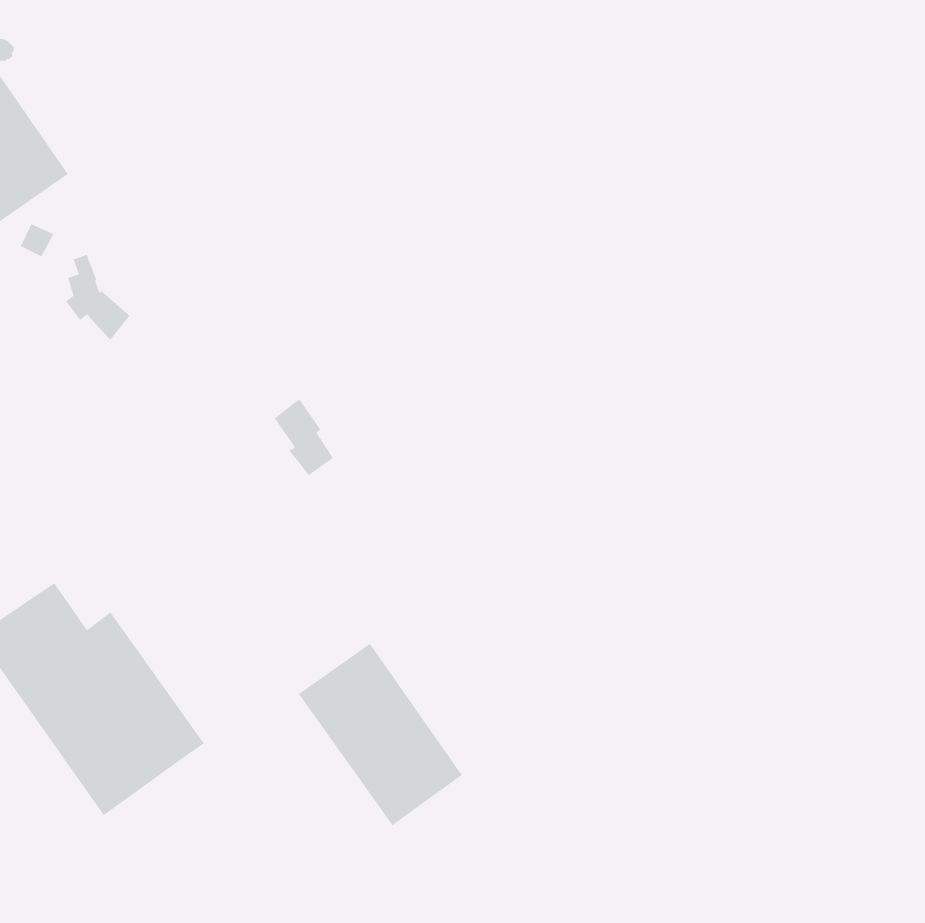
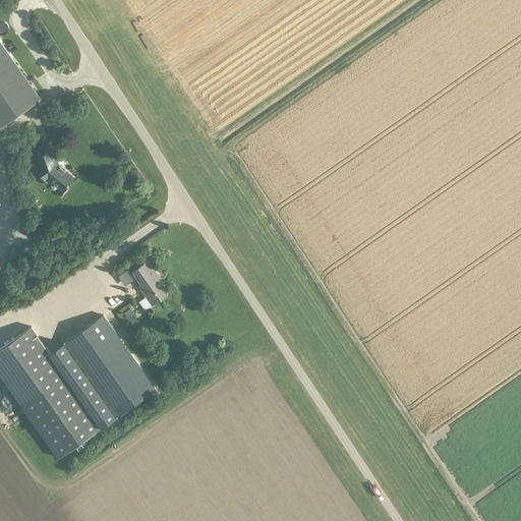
building: [274,398,334,476] -> [132,263,166,306]
building: [298,643,463,826] -> [62,316,155,419]

